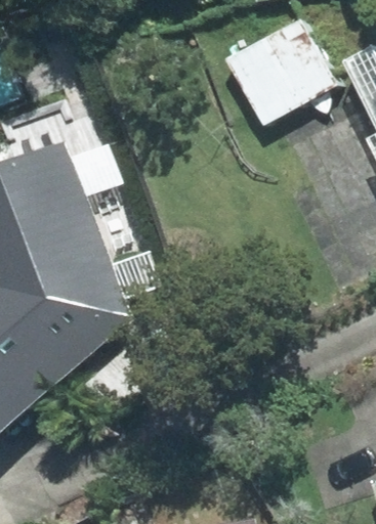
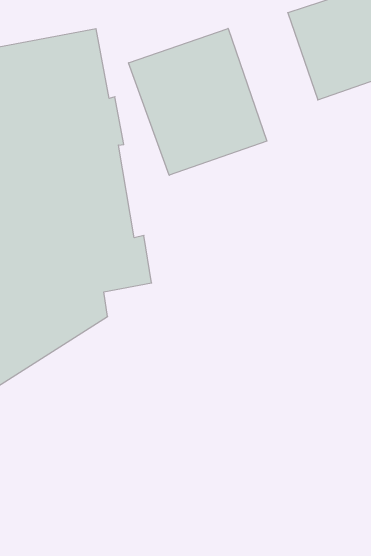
building: none -> [129,28,267,175]

